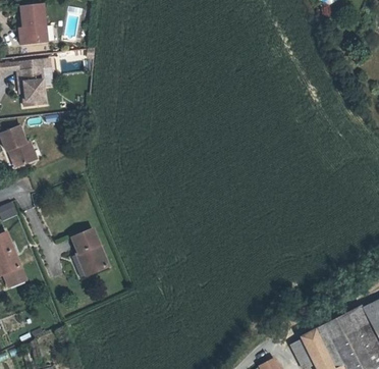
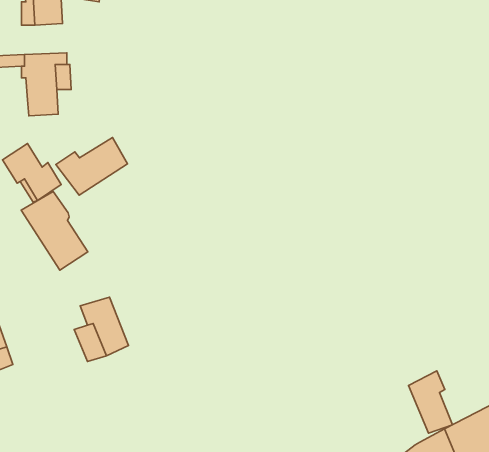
building: none -> [56,137,128,195]
building: none -> [21,192,88,270]
building: none -> [408,371,453,433]

